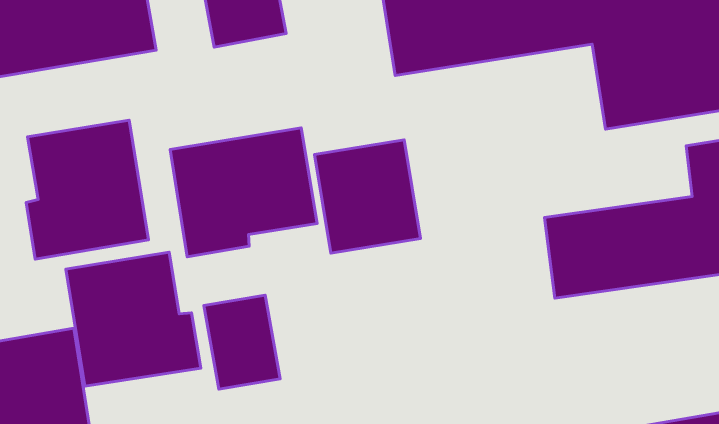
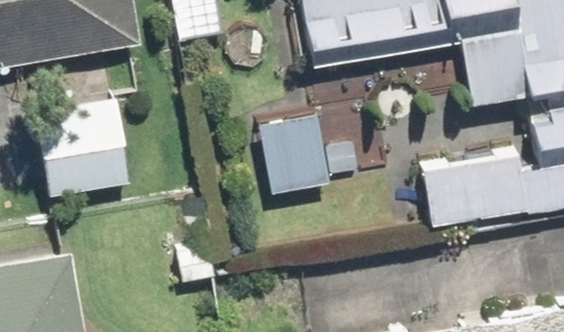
building: [170,128,317,257] -> none
building: [66,252,201,386] -> none

